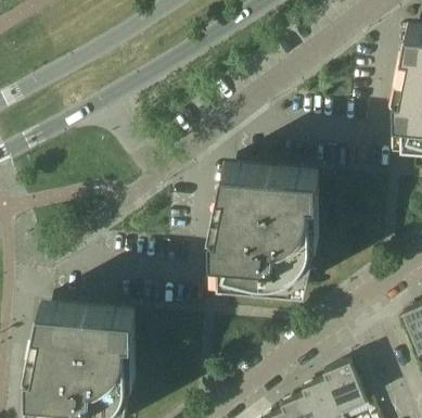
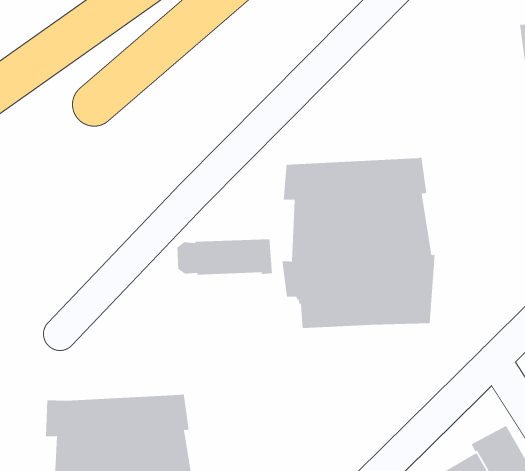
building: none -> [177,238,272,275]

